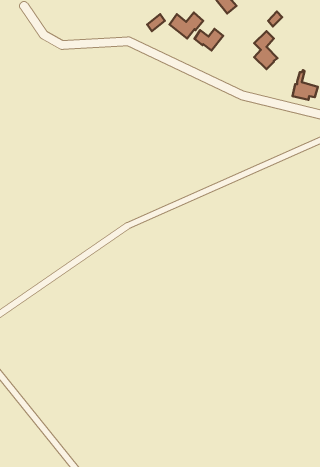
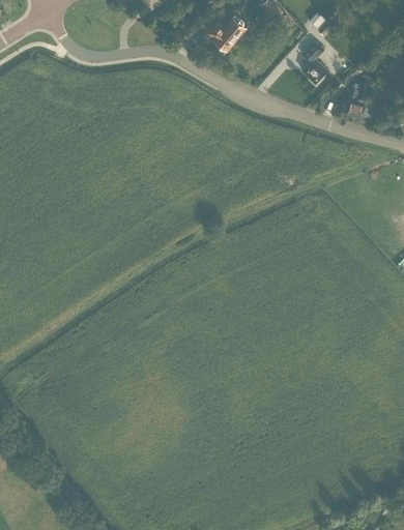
building: [194,29,223,51] -> none

